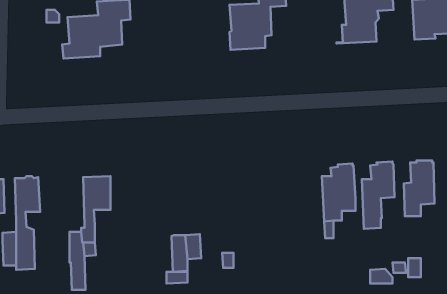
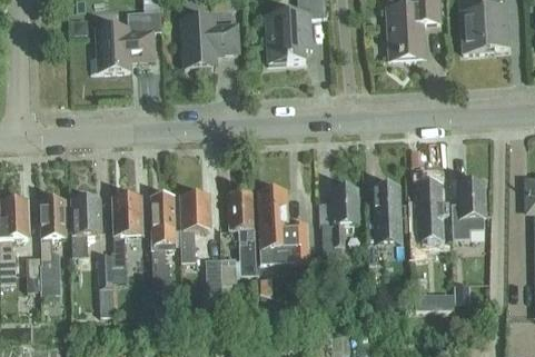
building: none -> [181,16,238,68]
building: none -> [321,185,358,257]
building: none -> [258,187,309,261]
building: none -> [230,190,255,275]
building: none -> [180,191,210,260]
building: none -> [150,192,176,289]
building: none -> [71,197,100,256]

